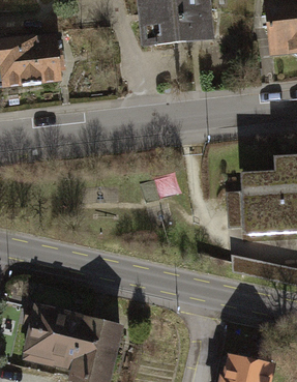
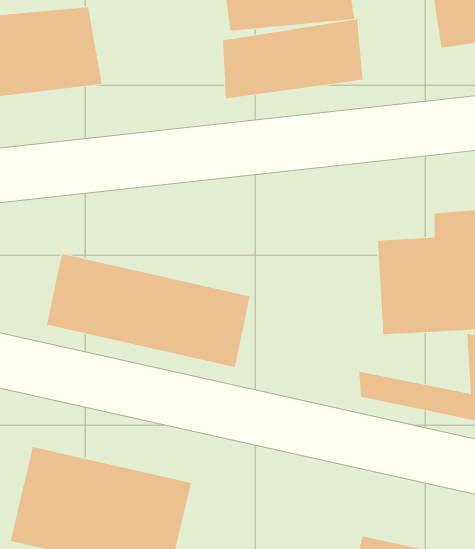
building: none -> [223,19,363,99]
building: none -> [46,253,250,368]

